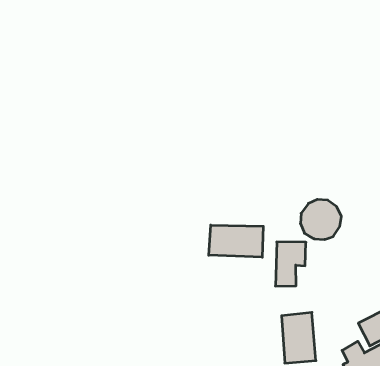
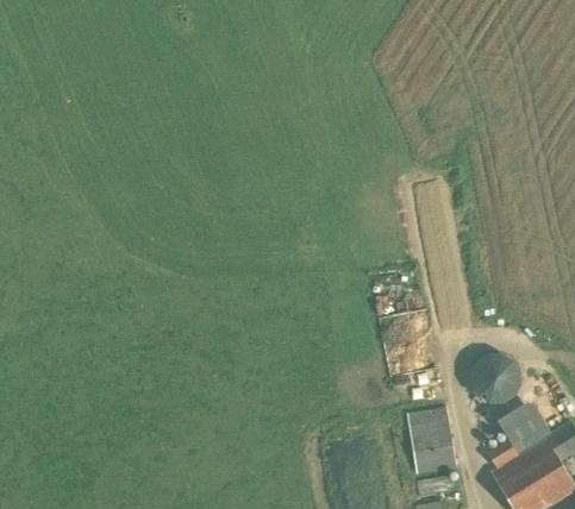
building: [300,199,341,239] -> [468,353,519,403]
building: [209,225,263,257] -> none

